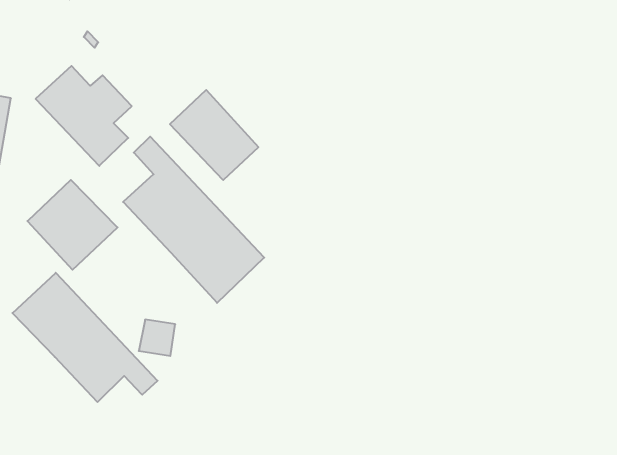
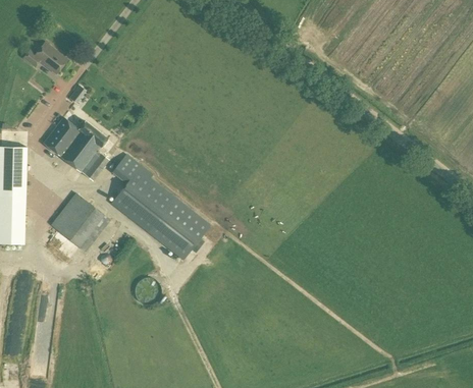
building: [170,90,258,180] -> none
building: [12,273,158,402] -> none

